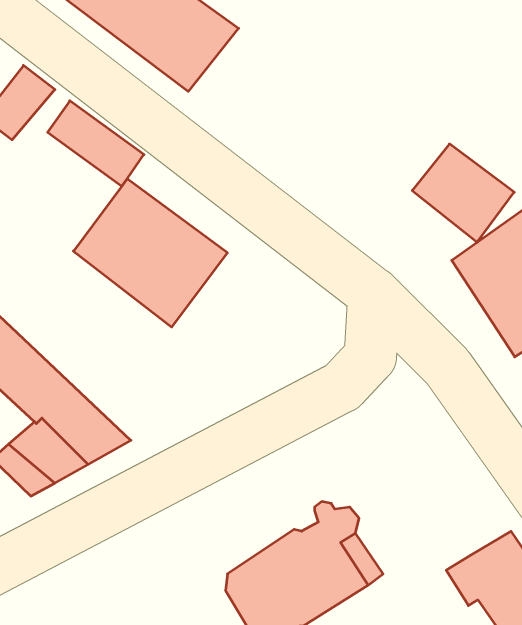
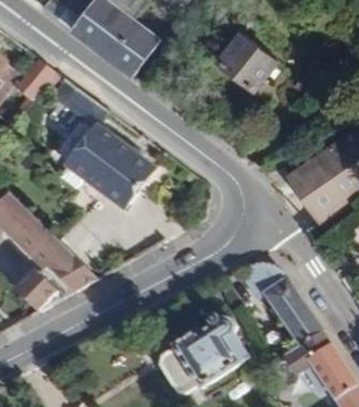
building: [412,144,514,242] -> [220,30,280,88]
building: none -> [236,262,322,346]

